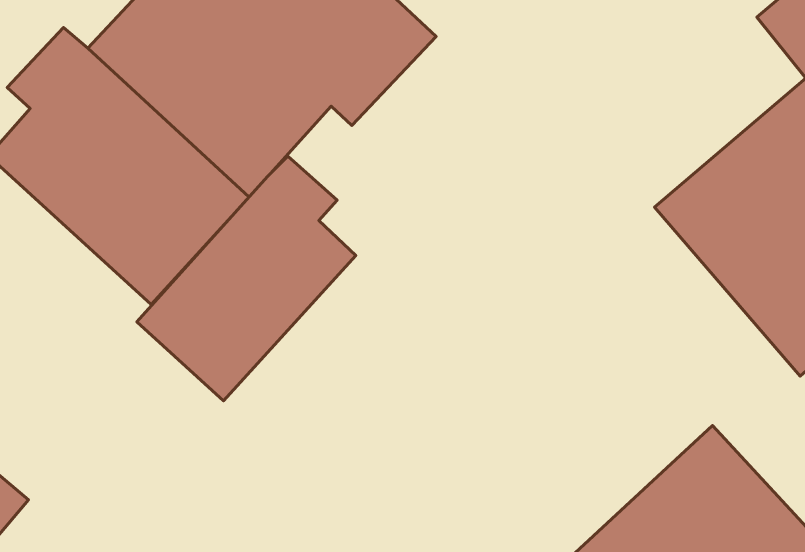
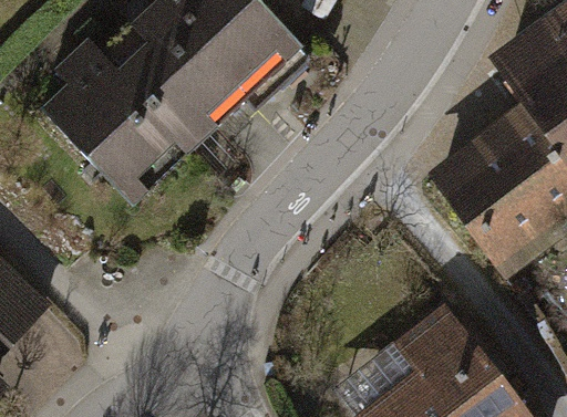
building: [137,156,356,401] -> none

